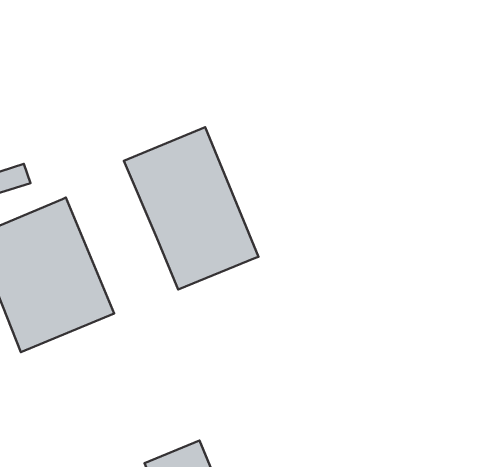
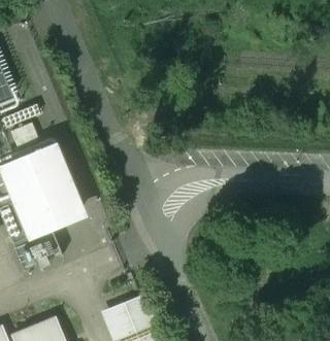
building: [124,127,259,289] -> none

